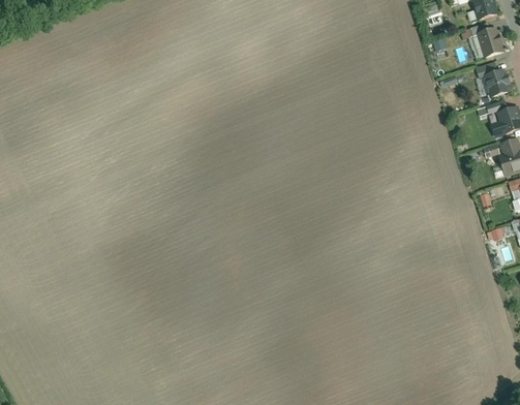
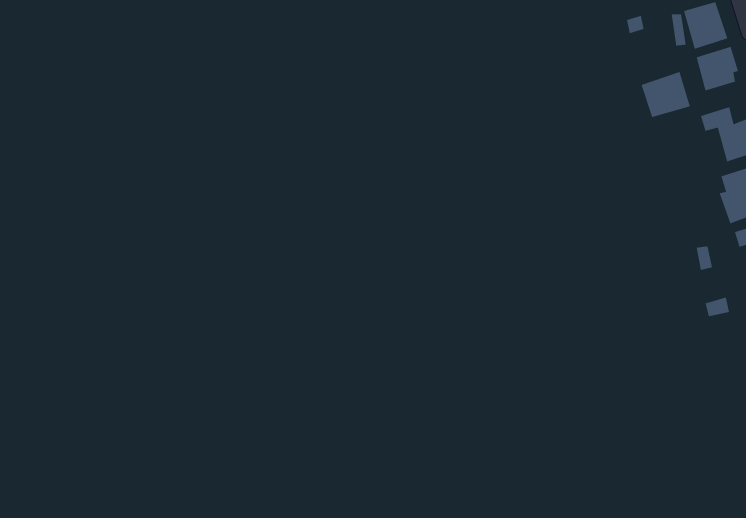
building: none -> [641,71,691,118]

